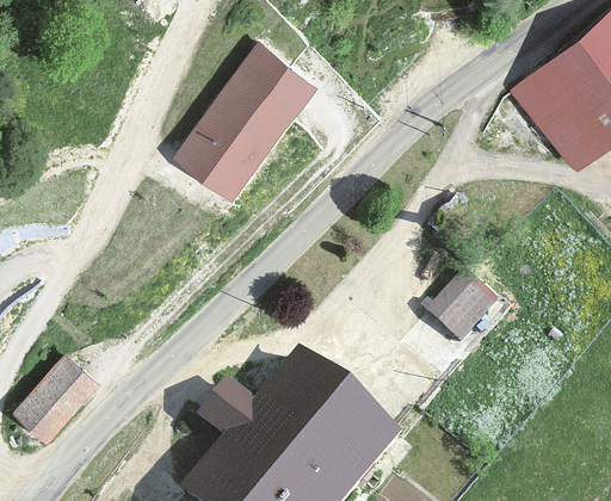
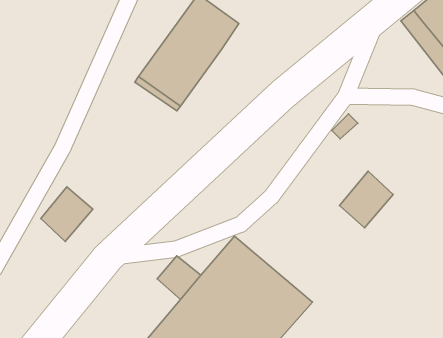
building: [21,364,88,434] -> [41,187,93,242]

